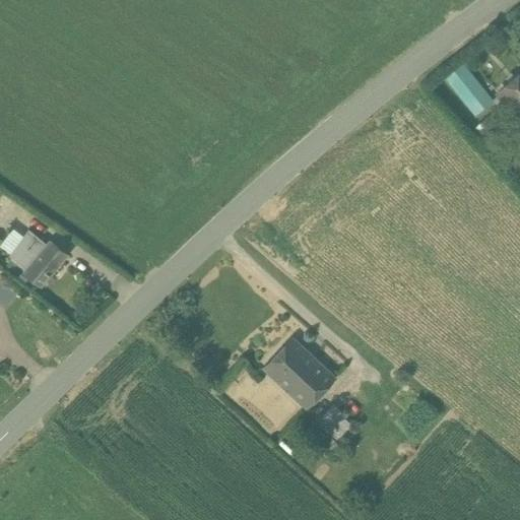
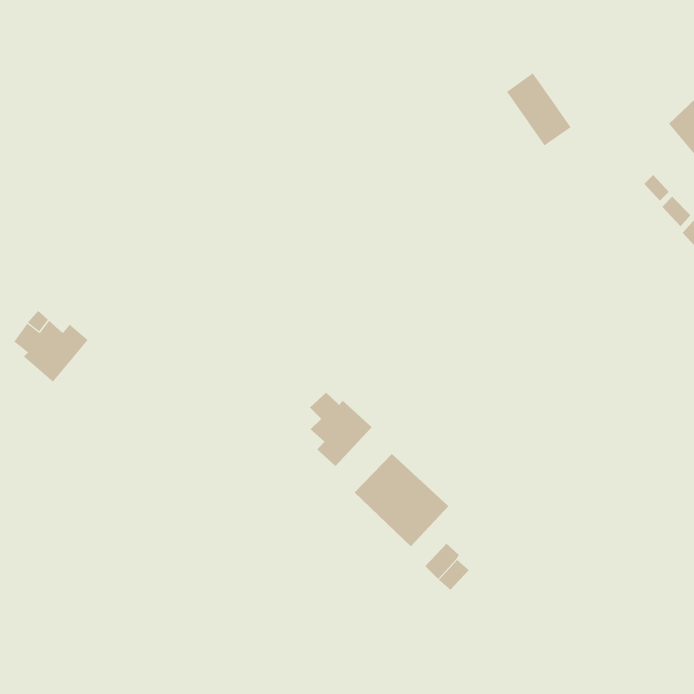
building: [447,63,496,118] -> [506,73,571,146]
building: none -> [309,392,373,467]

